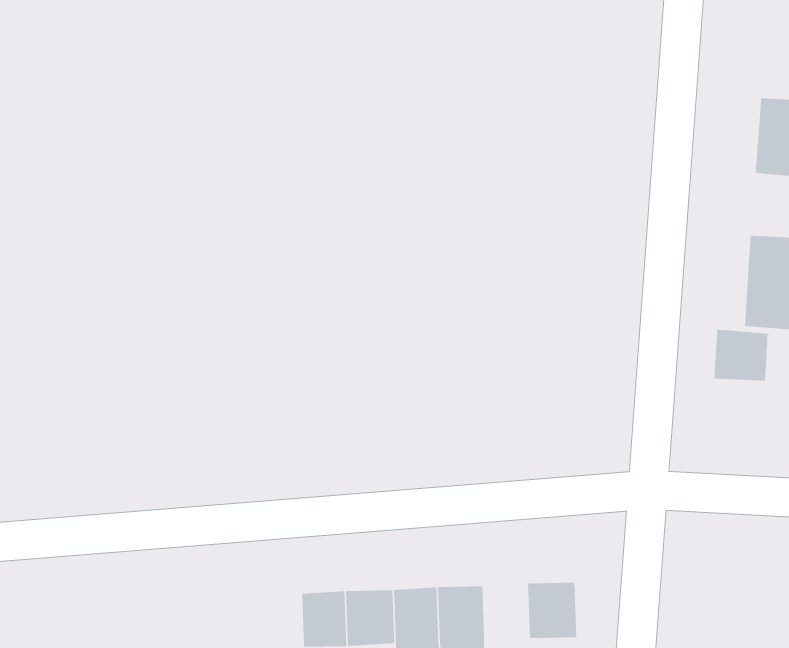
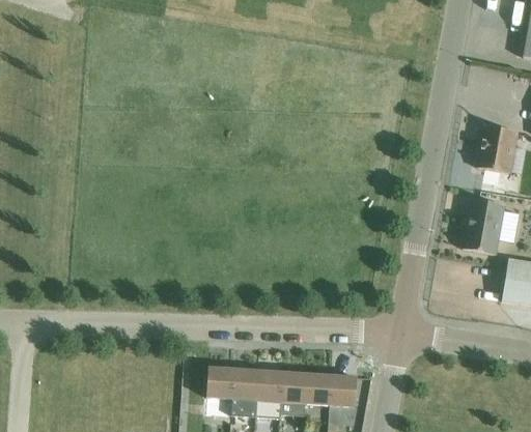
building: [714,329,768,382] -> none
building: none -> [305,373,331,404]

